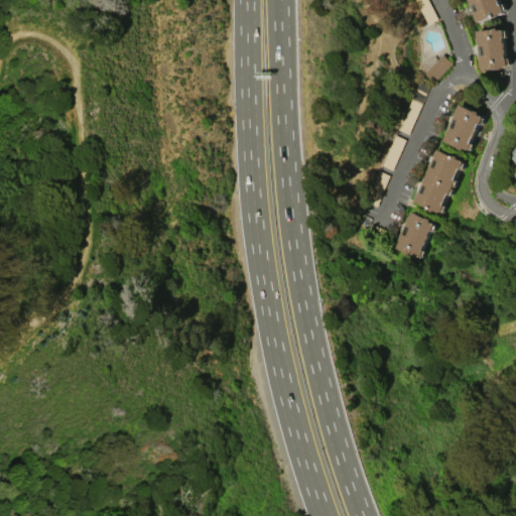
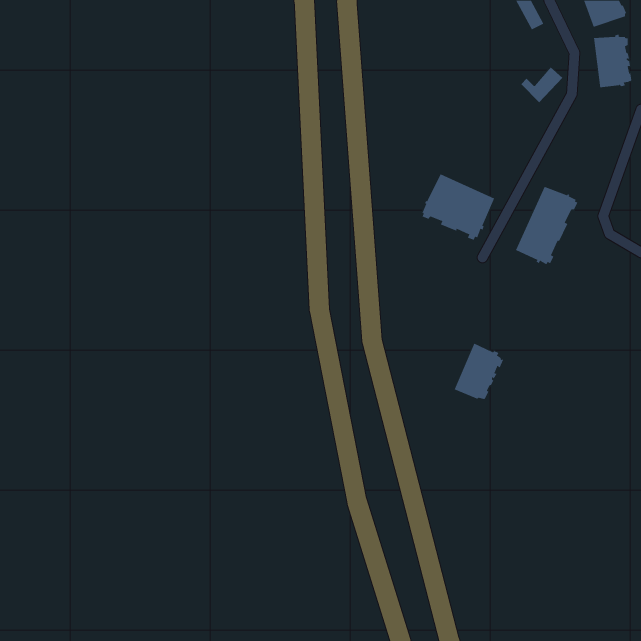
building: [442,105,483,151] -> none
building: none -> [421,173,495,241]
building: [395,212,435,257] -> [454,343,504,399]

